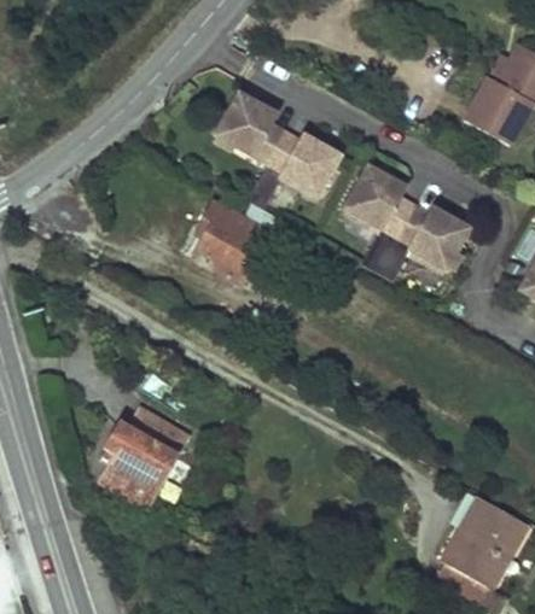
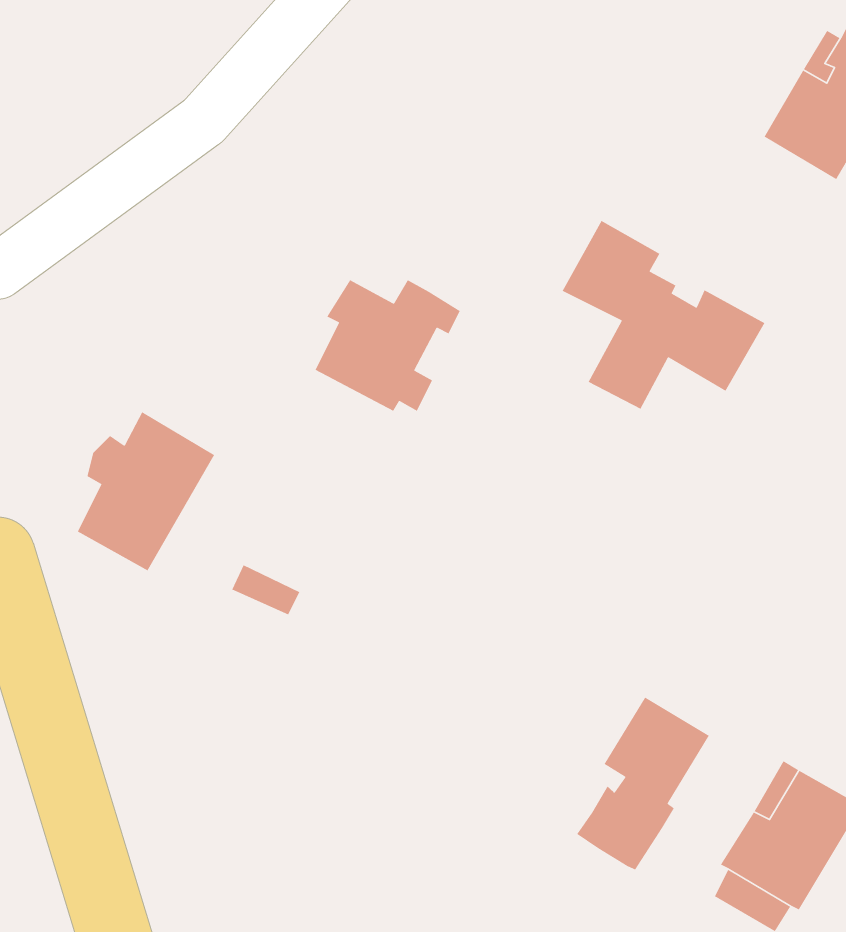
building: [216,92,341,207] -> none
building: [101,405,186,503] -> [77,411,215,572]
building: none -> [576,696,710,871]

